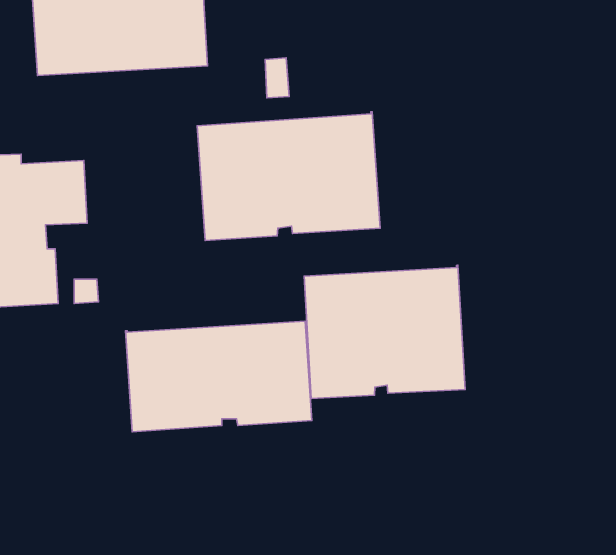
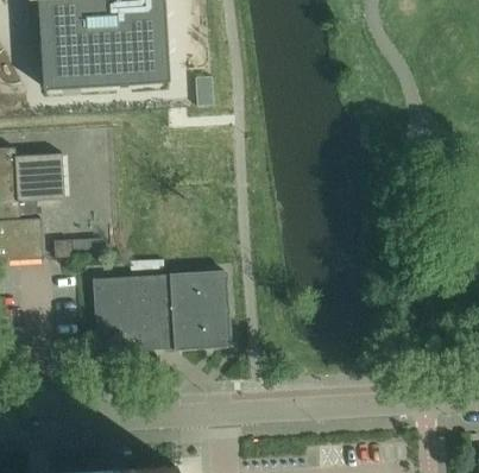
building: [197,112,380,240] -> none
building: [304,265,465,399] -> none

